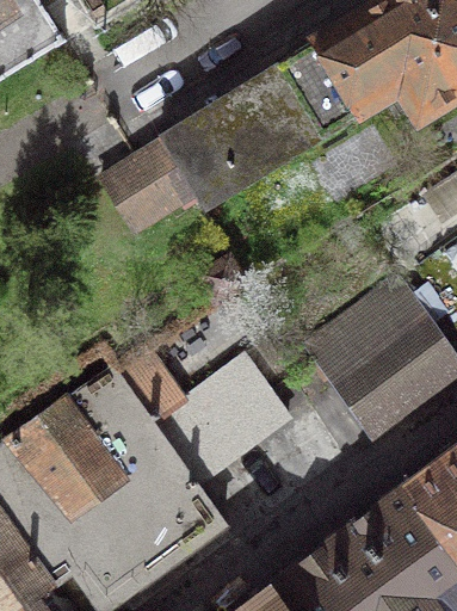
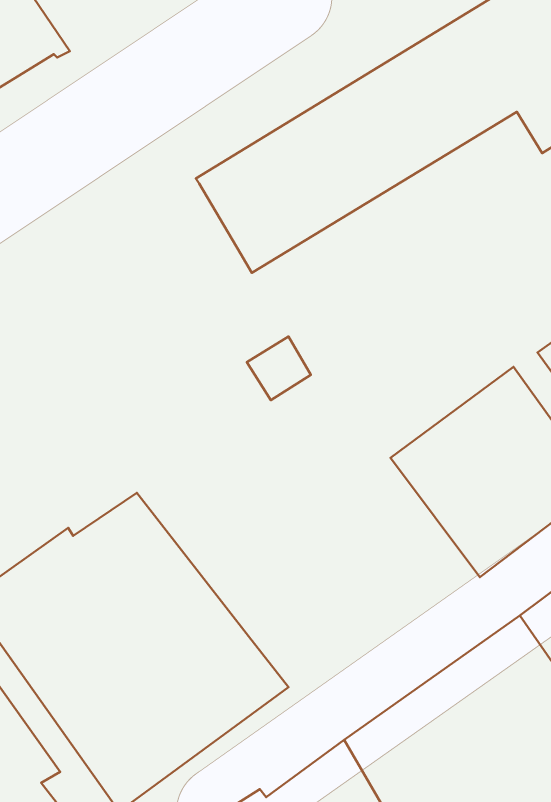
building: [103,144,196,235] -> none
building: [118,352,295,483] -> none

